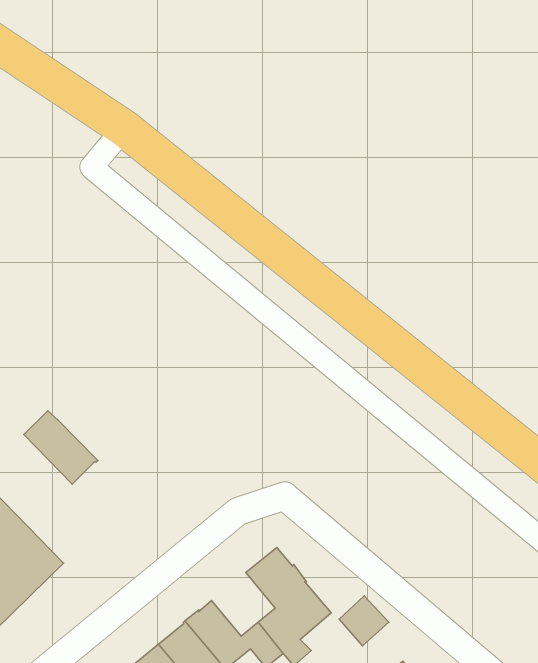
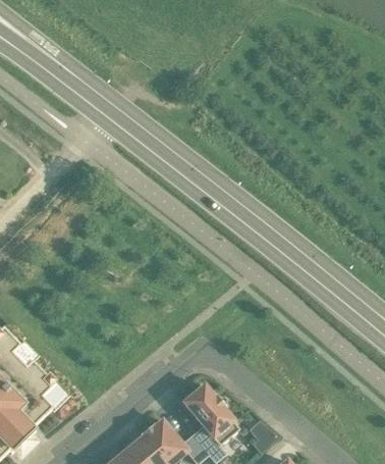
building: [24,411,98,484] -> none

